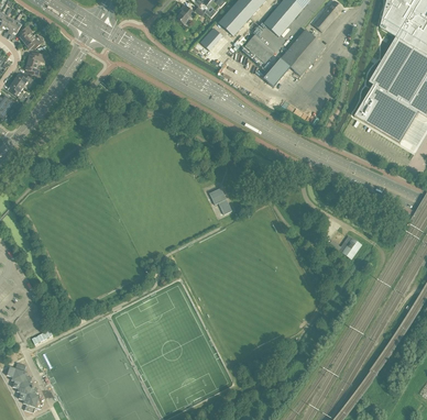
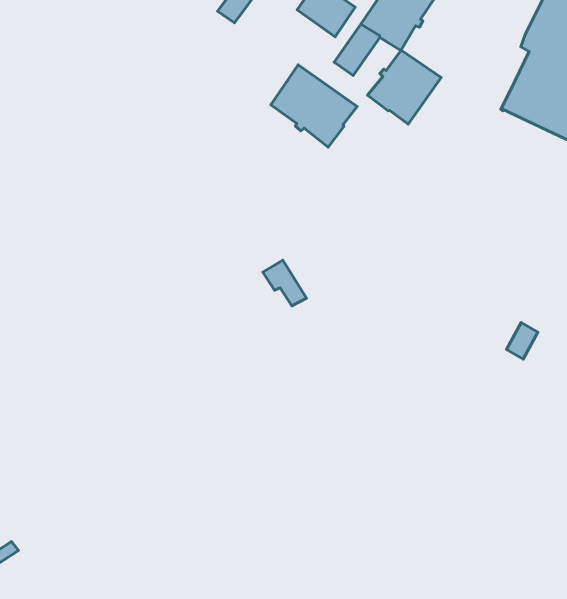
building: none -> [367,50,441,124]
building: none -> [271,65,357,147]

